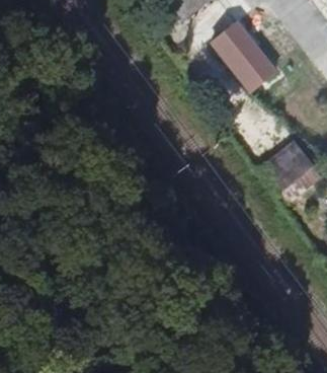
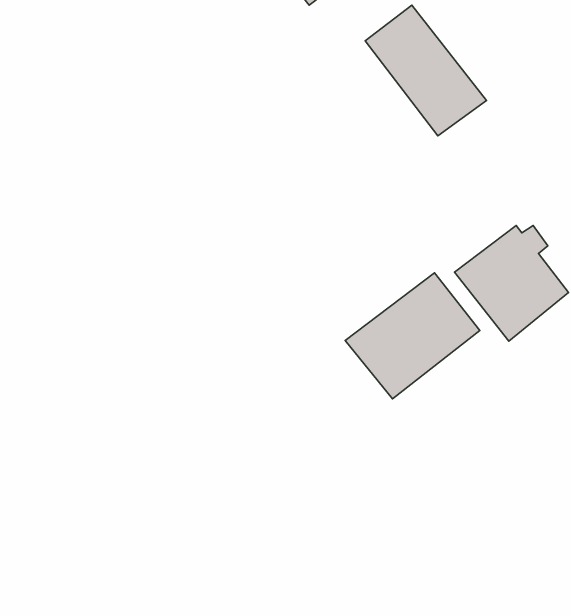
building: none -> [345,273,480,399]

